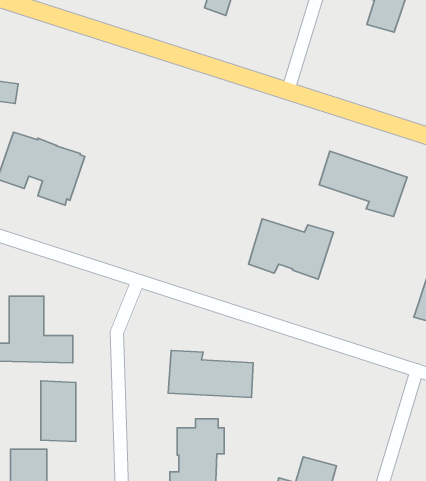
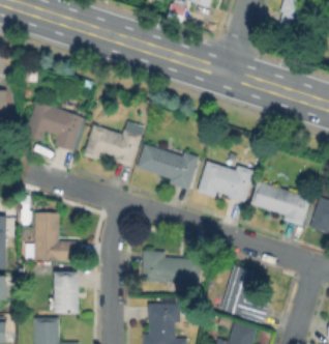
building: [319,151,407,217] -> [250,180,310,225]
building: none -> [83,120,144,166]
building: none -> [138,144,199,190]
building: none -> [221,265,267,321]

